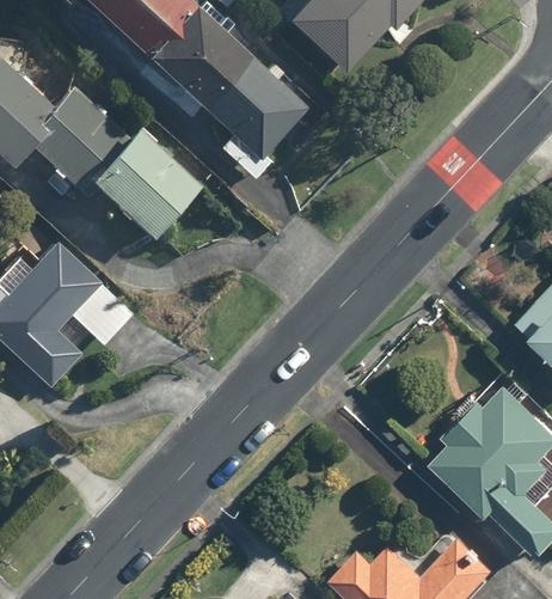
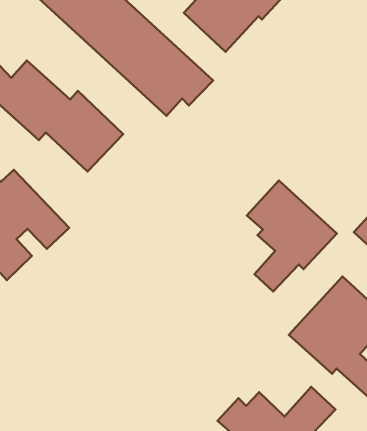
building: none -> [247,180,337,291]

